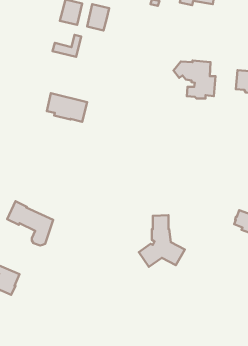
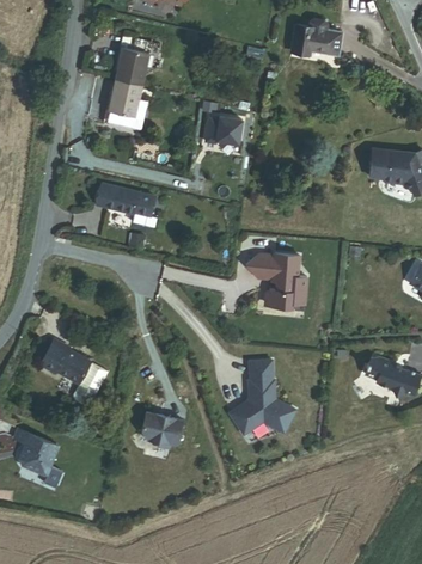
building: [87,4,109,31] -> [108,78,140,116]
building: none -> [204,116,241,143]
building: [174,61,215,98] -> [246,252,307,307]
building: none -> [142,409,183,447]

